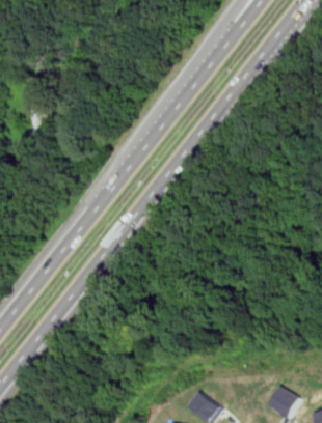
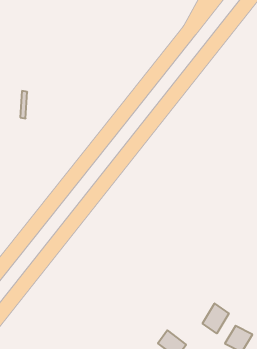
building: none -> [203,303,229,333]

